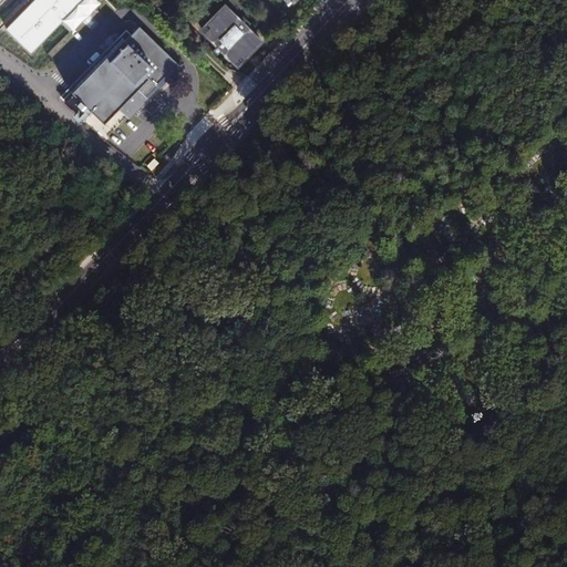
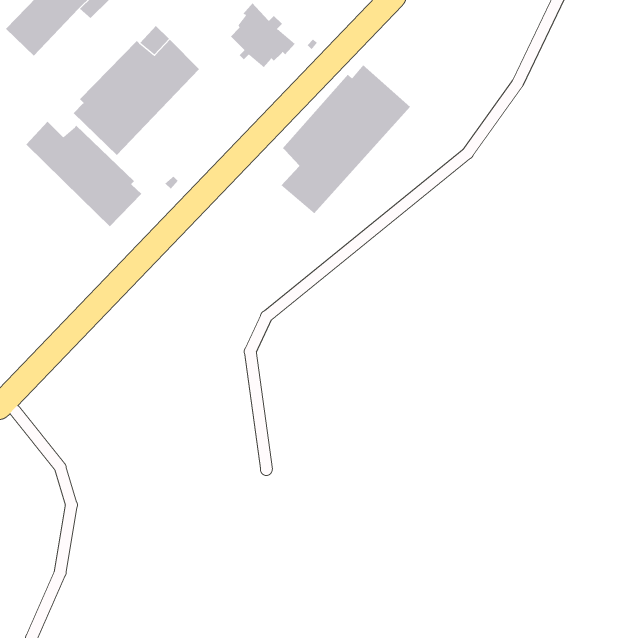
building: none -> [280,65,411,214]
building: none -> [26,121,142,227]

